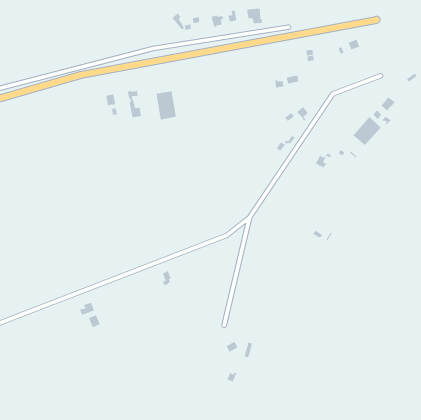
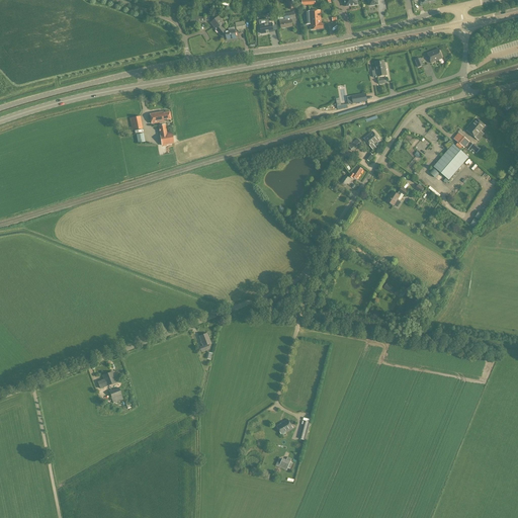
building: [156,91,177,120] -> none

